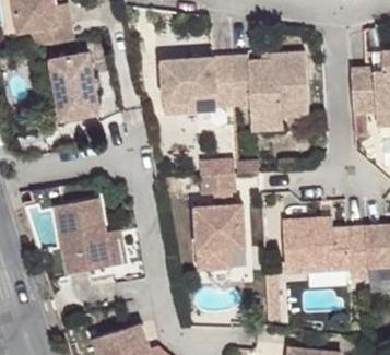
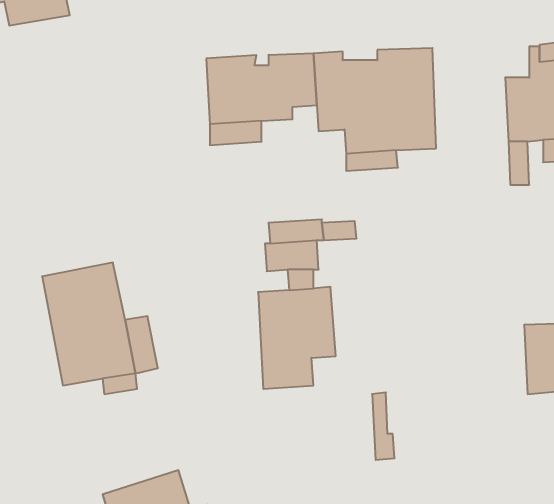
building: [52,45,99,110] -> none
building: [277,218,364,280] -> none

